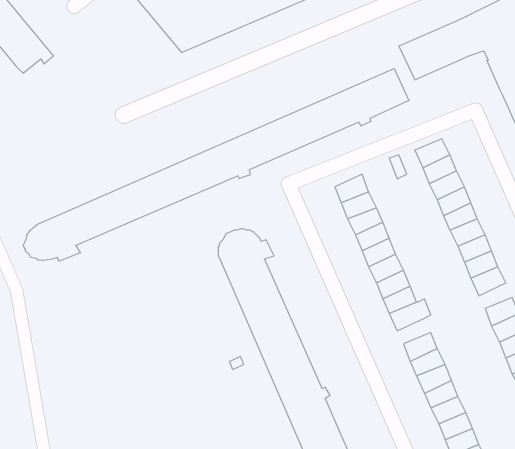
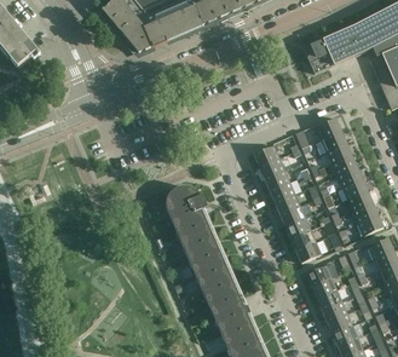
building: [23,69,409,261] -> none

